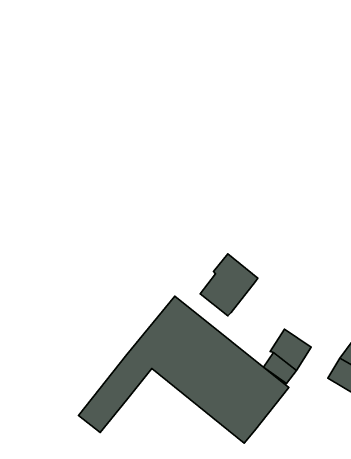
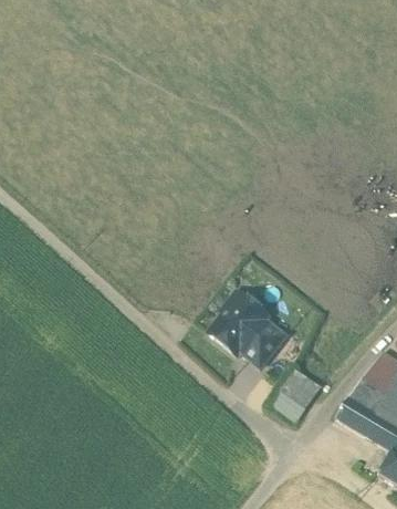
building: none -> [240,319,285,366]
building: [79,296,289,443] -> none

